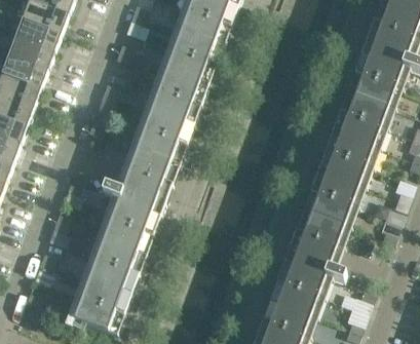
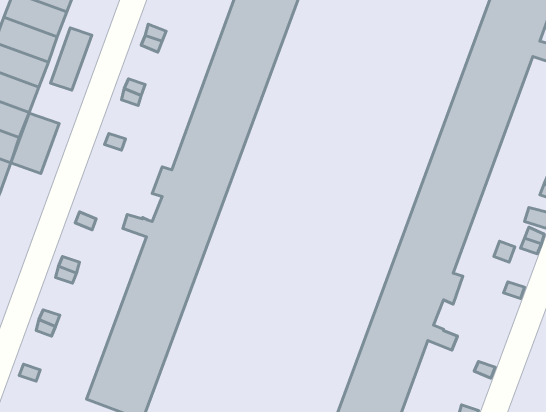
building: none -> [50,28,92,90]
building: none -> [11,113,59,174]

